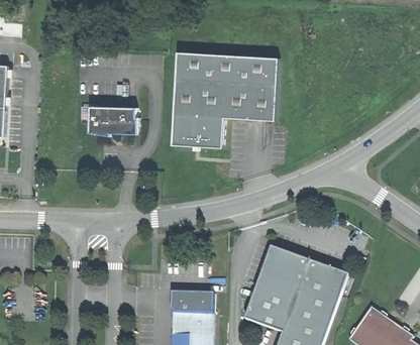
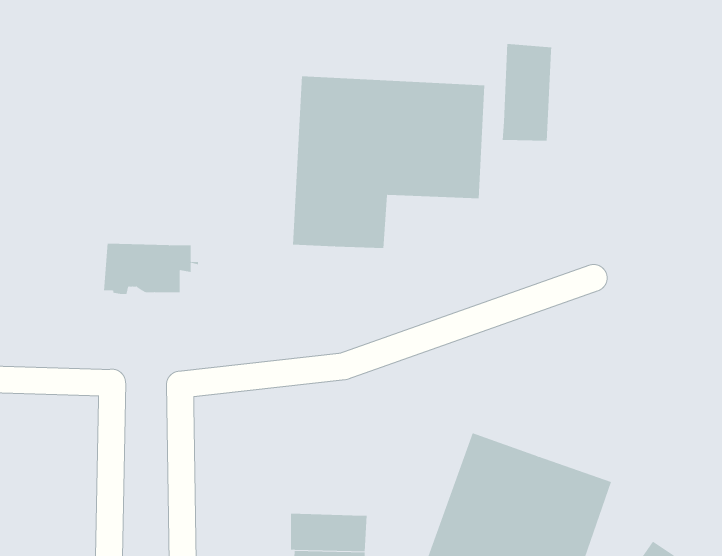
building: none -> [502,43,552,141]
building: [88,107,140,135] -> [103,243,199,295]

